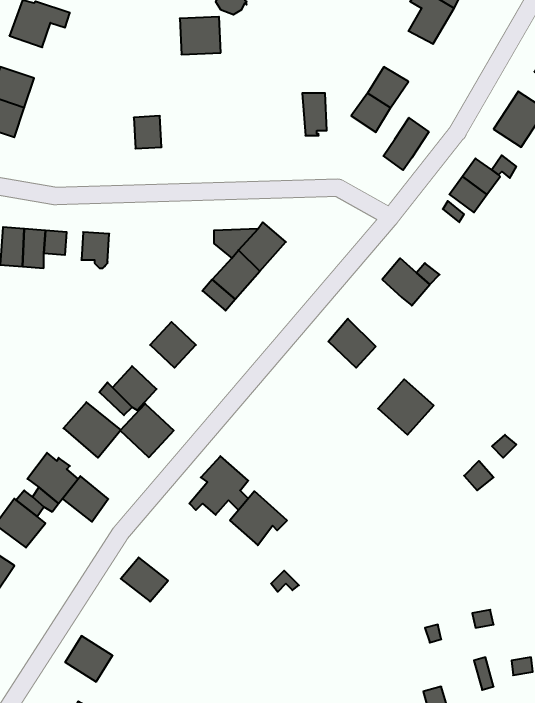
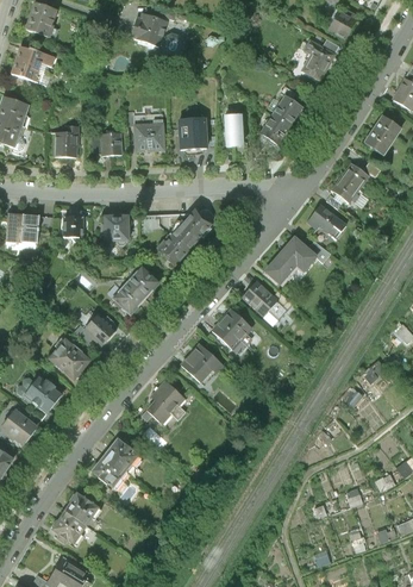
building: [180,17,221,54] -> [134,124,164,151]
building: none -> [180,119,206,149]
building: none -> [55,126,79,158]
building: [383,118,429,170] -> none
building: none -> [307,205,345,239]
building: none -> [101,212,132,246]
building: none -> [264,251,296,283]
building: none -> [129,267,161,299]
building: [378,379,434,435] -> [212,308,252,349]
building: [120,404,174,457] -> none
building: [62,476,108,522] -> [105,437,138,470]
building: [230,491,287,545] -> [182,343,224,382]
building: none -> [63,493,98,525]

